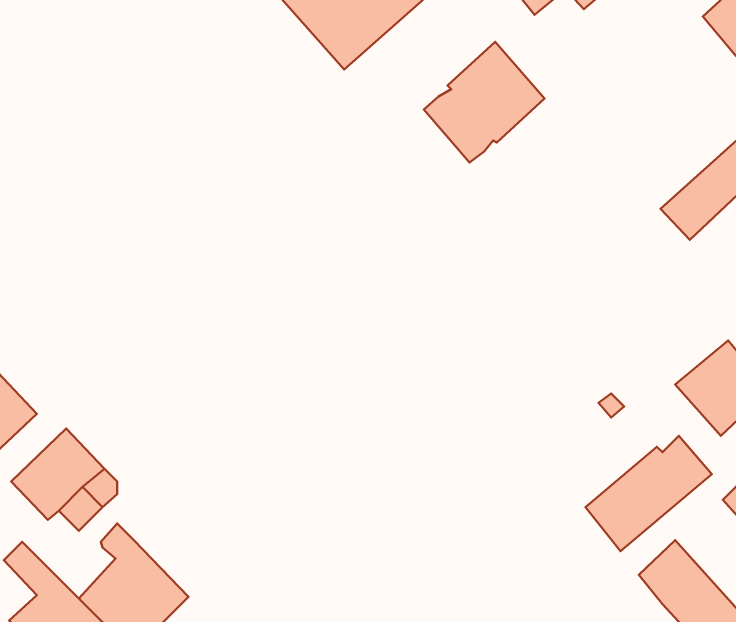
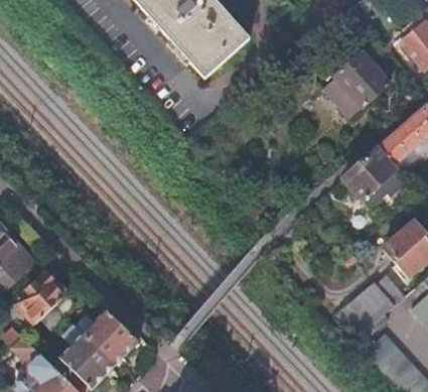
building: [424,42,545,163] -> [320,52,387,119]
building: none -> [340,150,406,214]
building: none -> [85,308,139,364]

